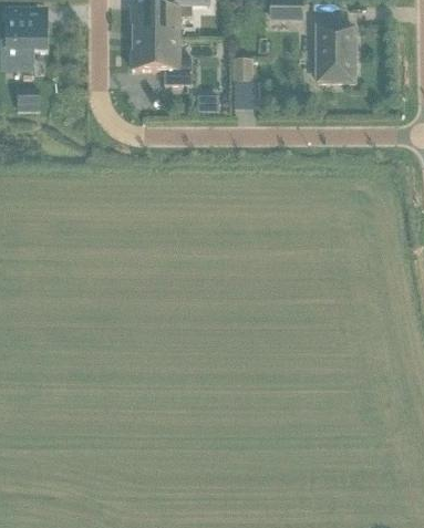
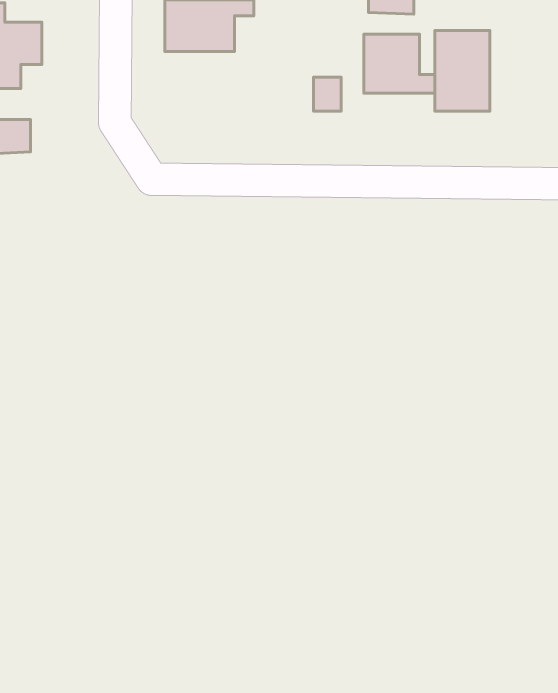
building: none -> [364,34,435,93]
building: [132,39,193,83] -> none

